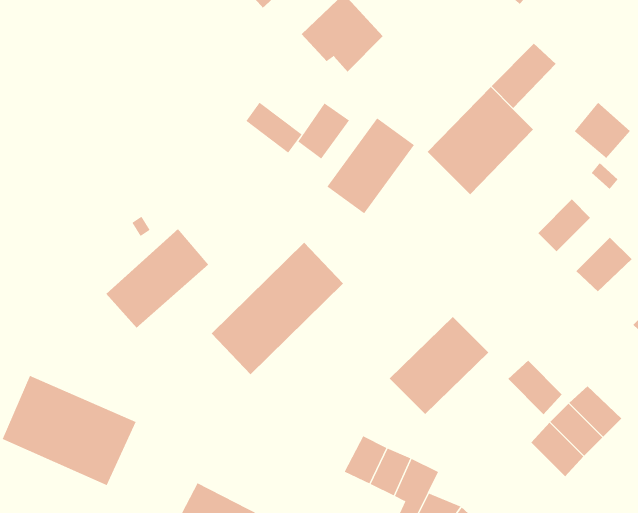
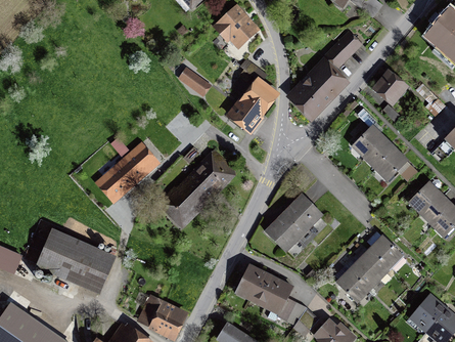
building: [297,102,350,160] -> none
building: none -> [363,136,395,168]
building: [507,360,563,415] -> [335,269,368,302]

